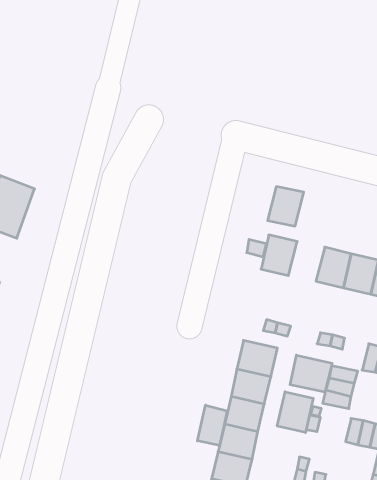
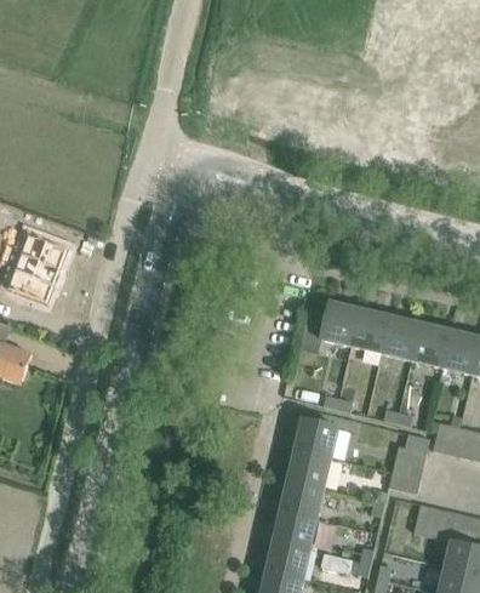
building: [268,187,304,226] -> [350,308,390,352]
building: [290,355,332,392] -> none
building: [277,392,313,433] -> none
building: [197,405,227,446] -> none

